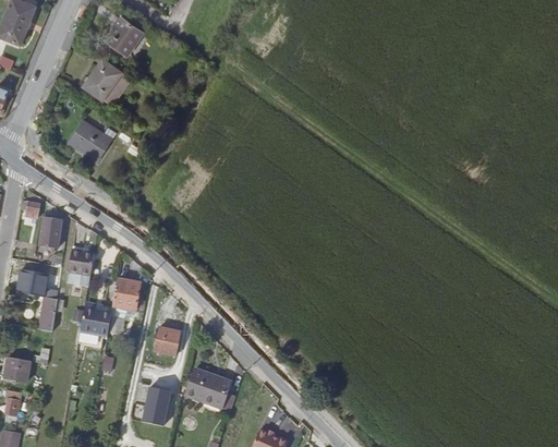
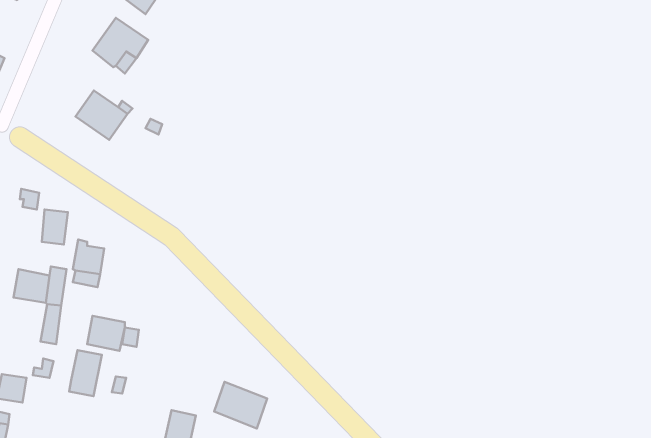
building: [111,280,141,312] -> none
building: [151,327,179,357] -> none
building: none -> [69,350,102,396]

